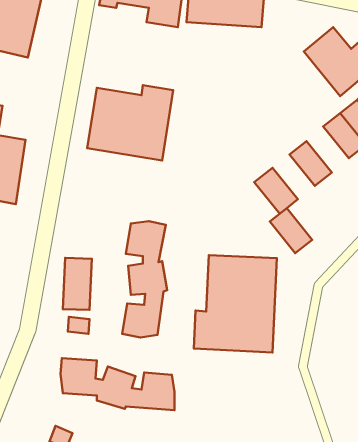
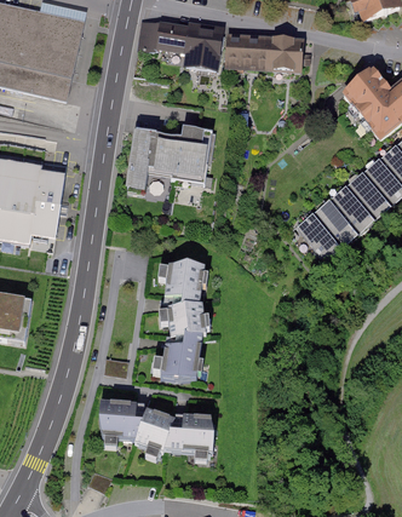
building: none -> [346,168,389,214]
building: [270,208,312,253] -> [312,196,355,241]
building: [194,255,277,353] -> none
building: [63,258,92,310] -> none

